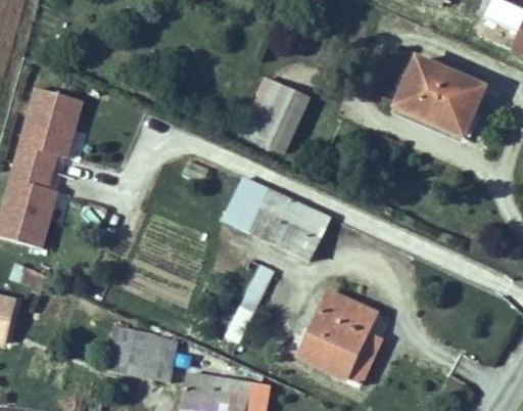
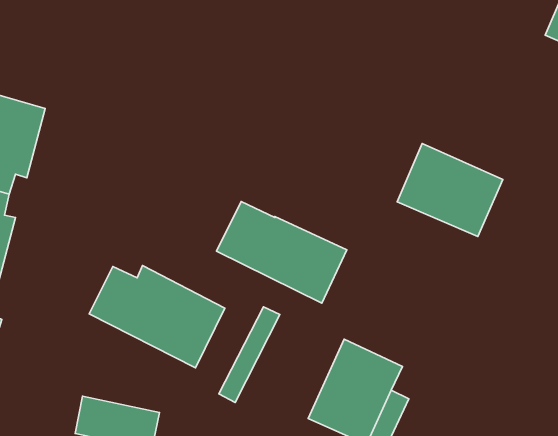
building: [396,57,483,134] -> [397,144,503,237]
building: [240,78,310,152] -> none
building: none -> [89,266,225,368]

